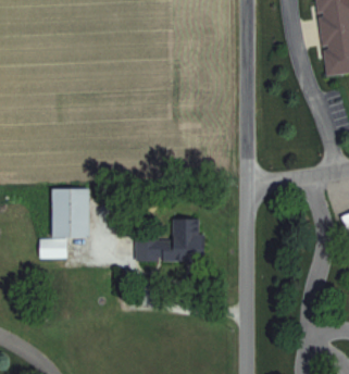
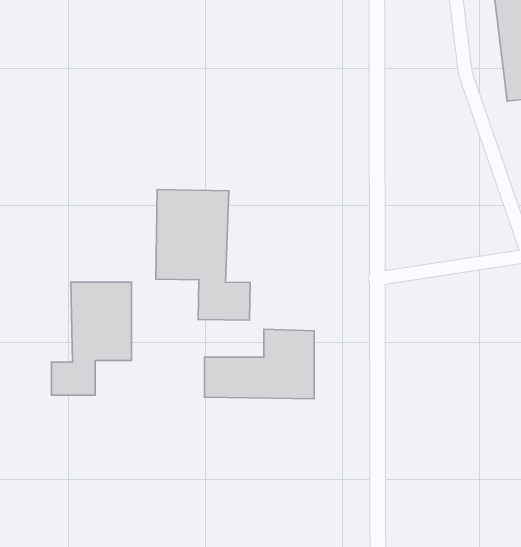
building: none -> [156,190,250,320]

